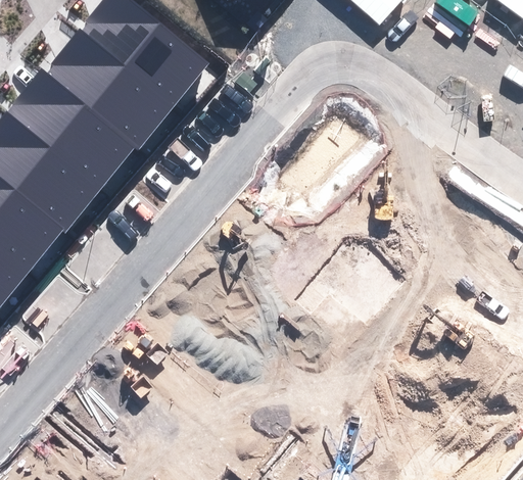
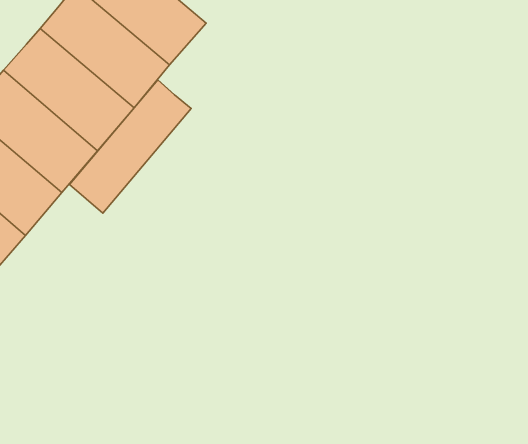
building: none -> [70,80,191,213]

